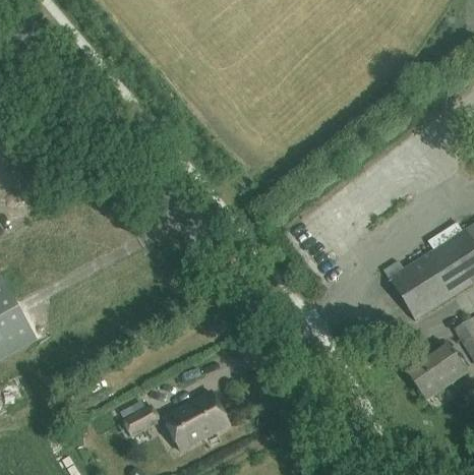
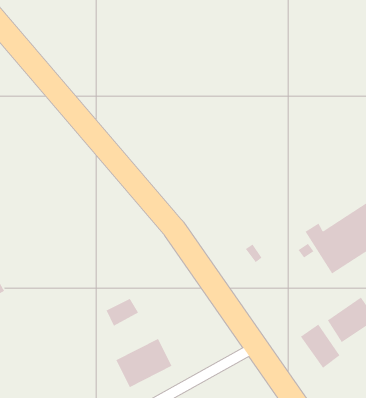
building: none -> [300,324,341,369]
building: [122,404,161,437] -> [106,298,139,327]

